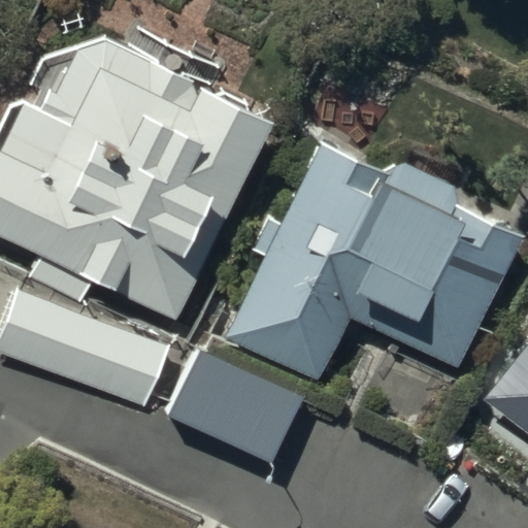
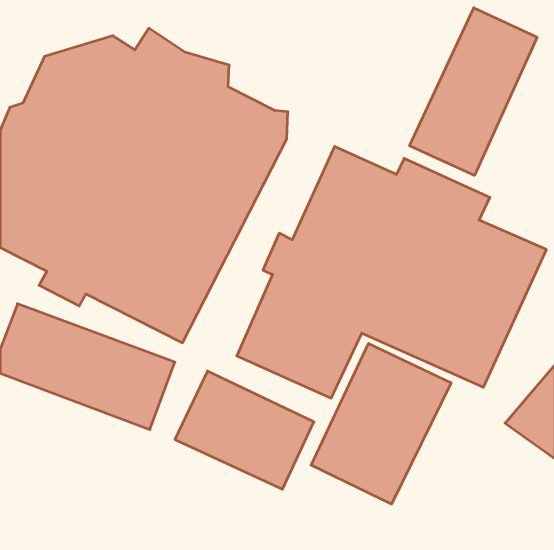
building: none -> [410,8,537,175]
building: none -> [311,343,451,504]

